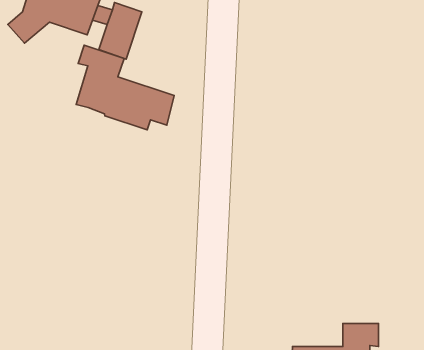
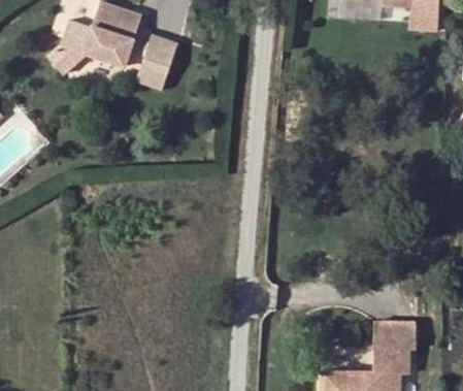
building: [76,45,174,130] -> none
building: none -> [375,321,418,349]

